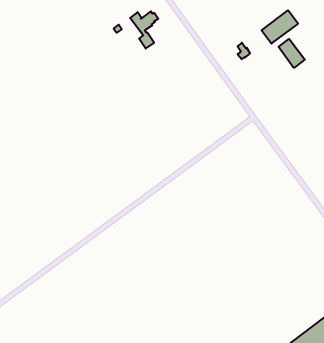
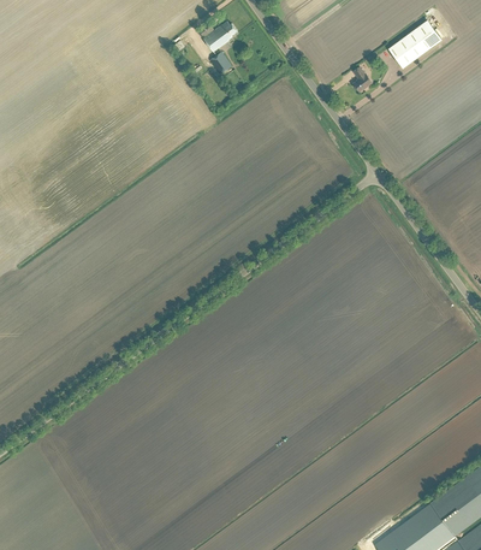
building: [279,39,305,68] -> none

